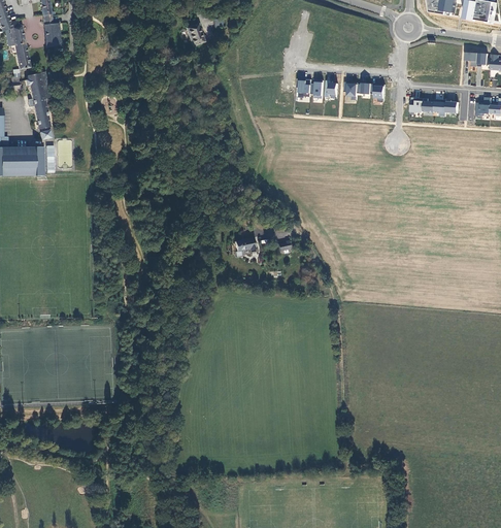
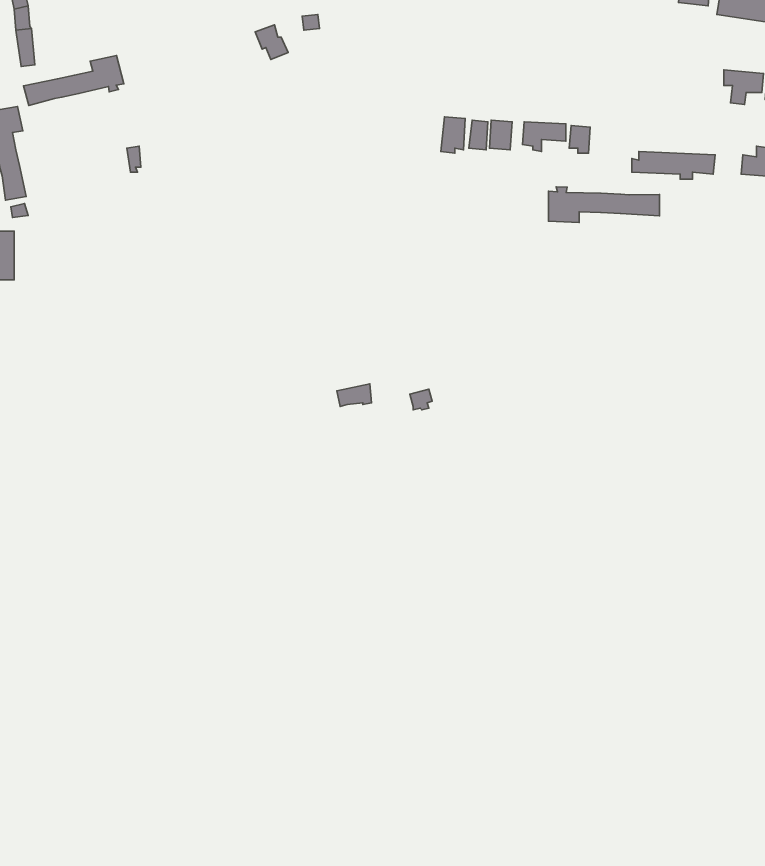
building: none -> [24,56,124,106]
building: none -> [549,187,660,222]

